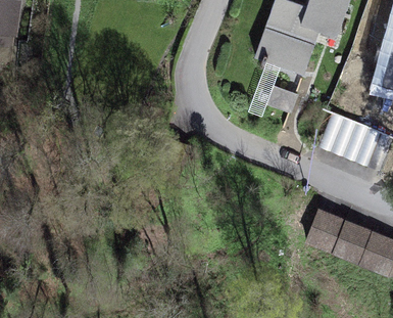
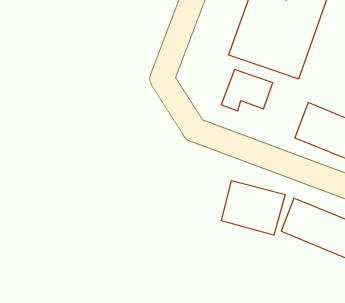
building: none -> [221,181,285,235]

